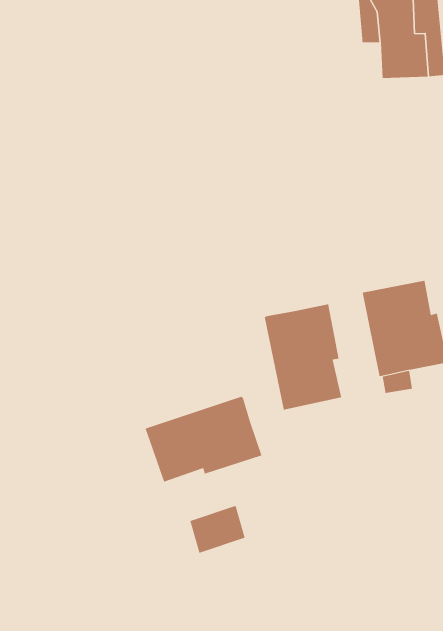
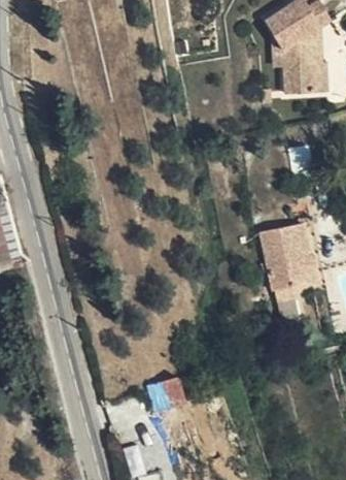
building: [264,303,342,410] -> none
building: [145,396,262,483] -> none

